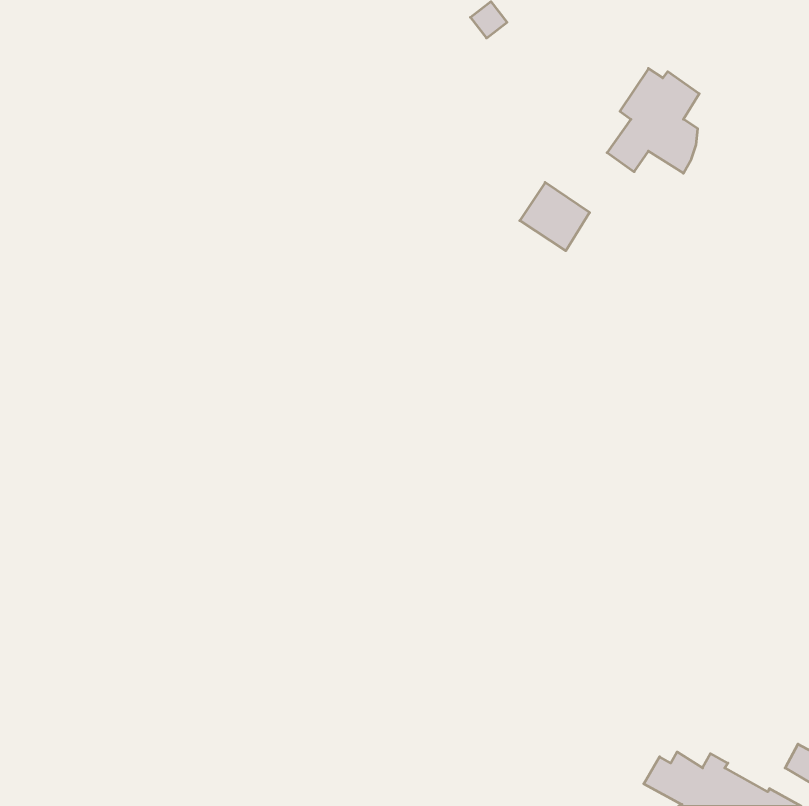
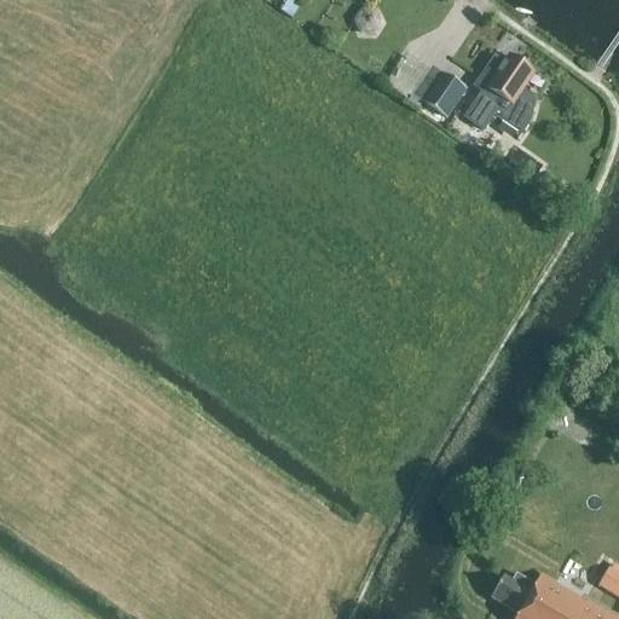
building: [520,182,590,251] -> [413,65,467,117]

